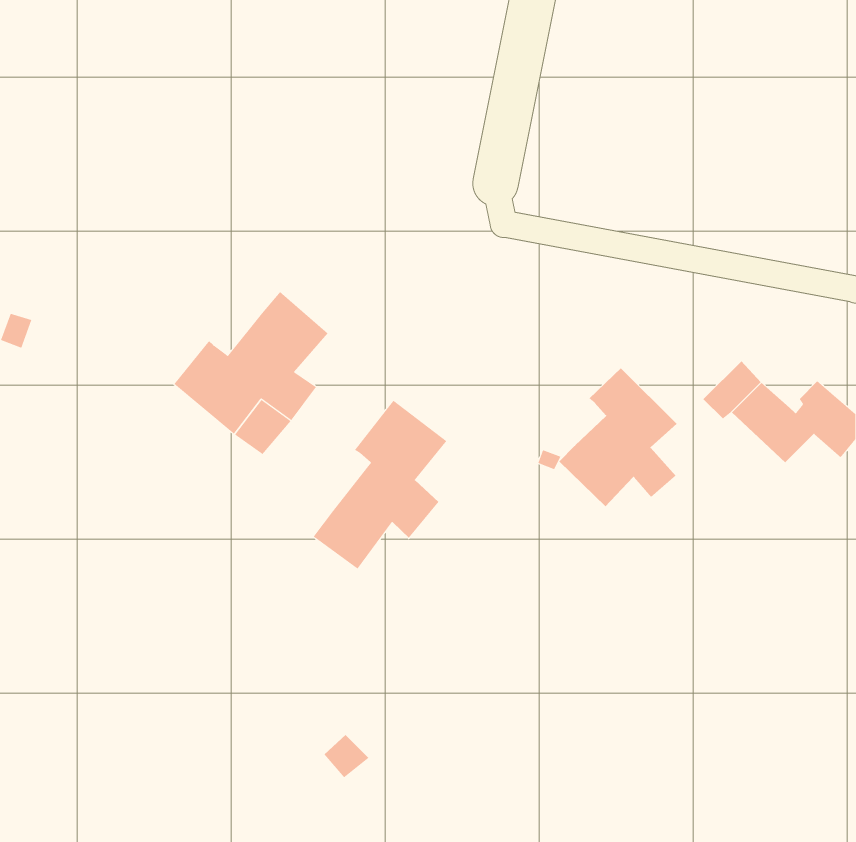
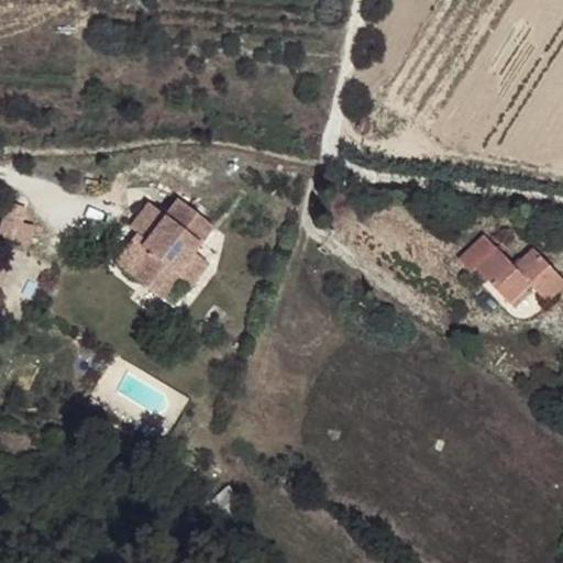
building: [559,367,677,507] -> none
building: [313,400,447,570] -> none

